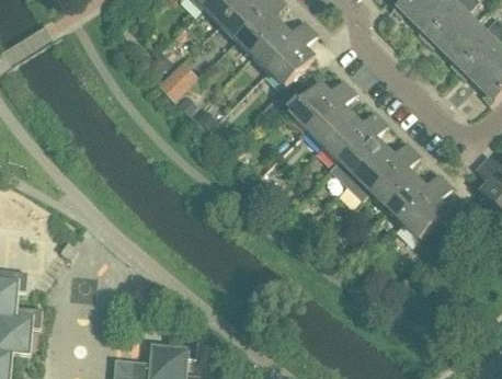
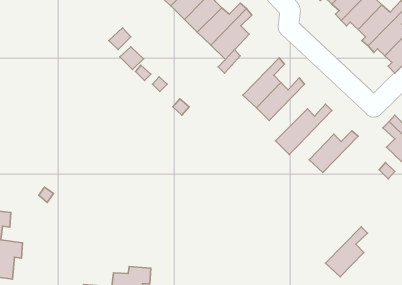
building: [289,78,350,129] -> none
building: [330,116,388,184] -> none
building: [370,148,420,207] -> none
building: [402,179,453,239] -> [326,227,368,277]

